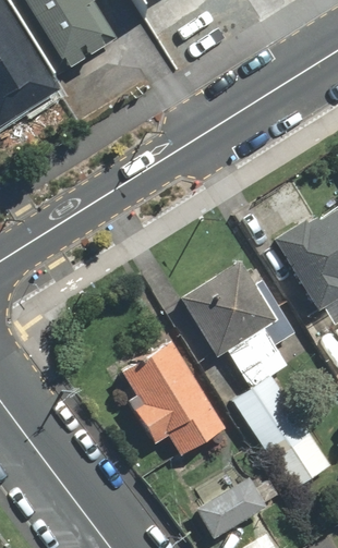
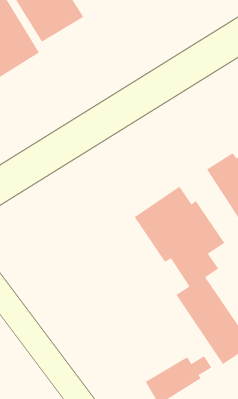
building: [122,343,227,458] -> none

